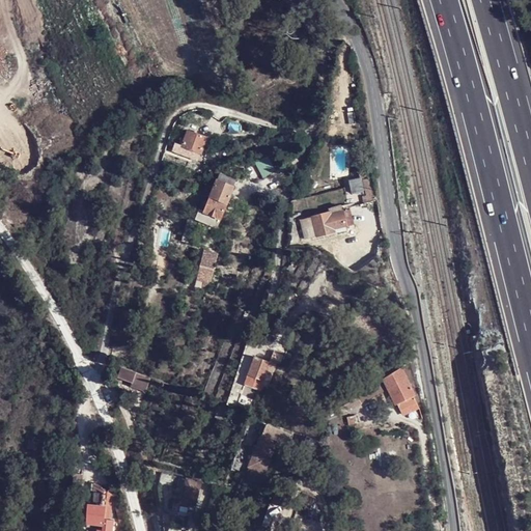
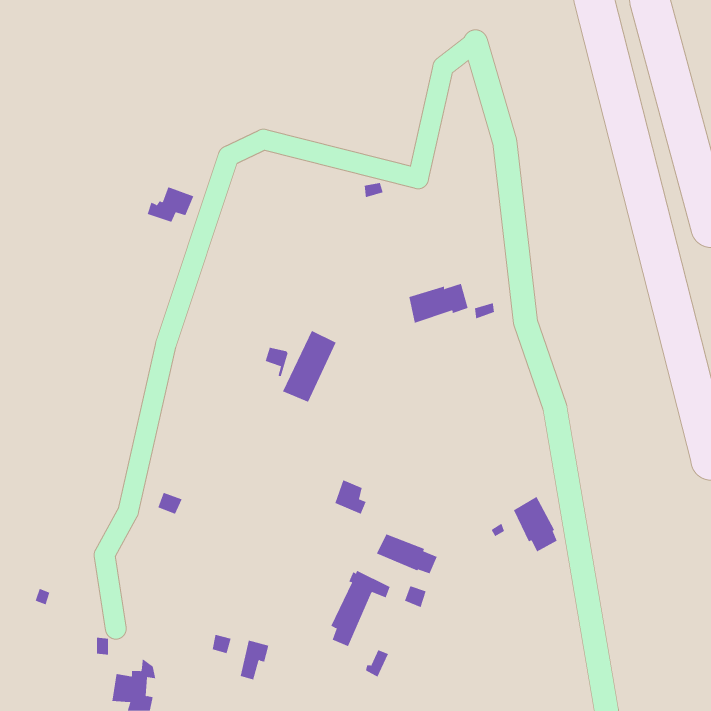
building: [170,131,205,158] -> [147,186,194,223]
building: [197,173,237,227] -> [282,330,337,403]
building: none -> [376,534,437,574]

